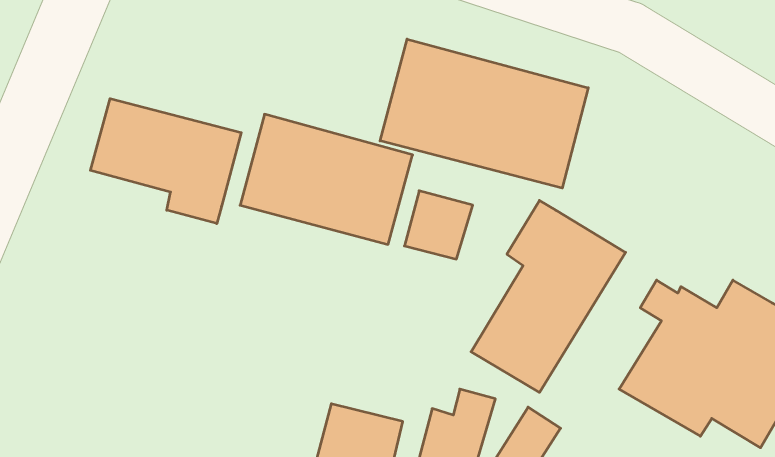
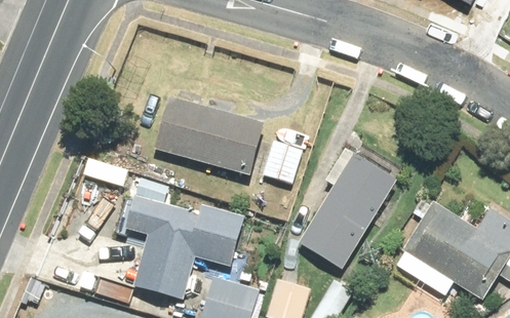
building: [380,39,588,188] -> none
building: [90,99,241,224] -> none
building: none -> [127,195,245,300]

